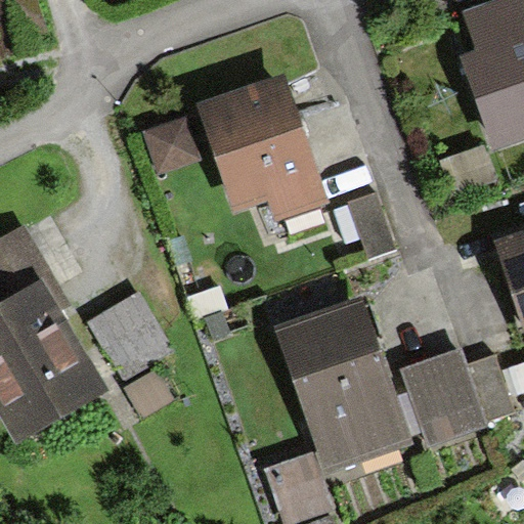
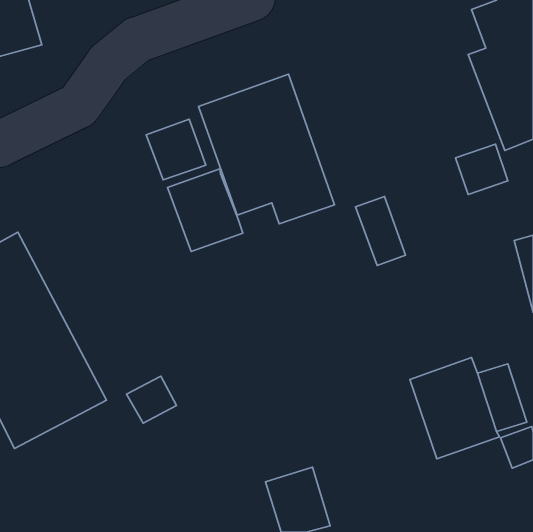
building: none -> [168,169,243,252]
building: [88,292,174,376] -> none
building: [278,304,405,465] -> none

